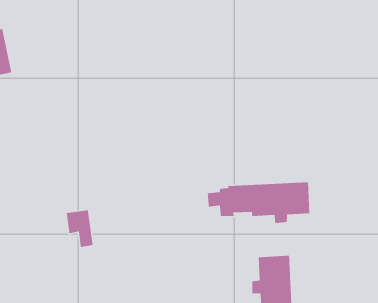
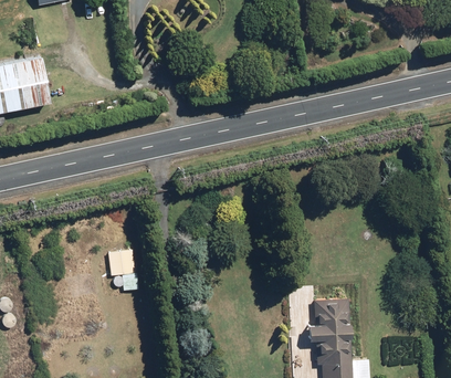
building: [207,181,310,224] -> none

